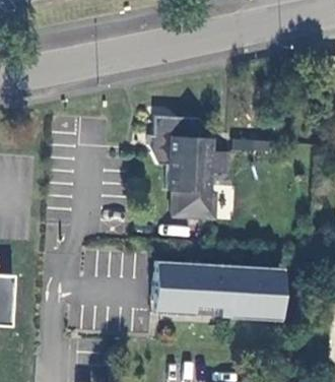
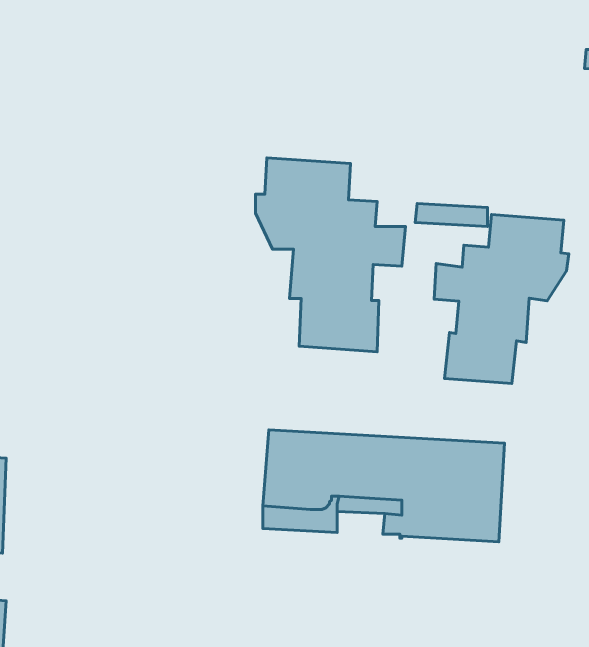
building: none -> [434,215,569,383]

